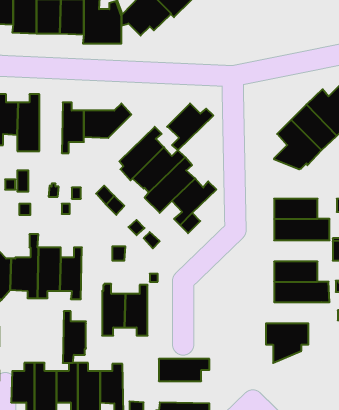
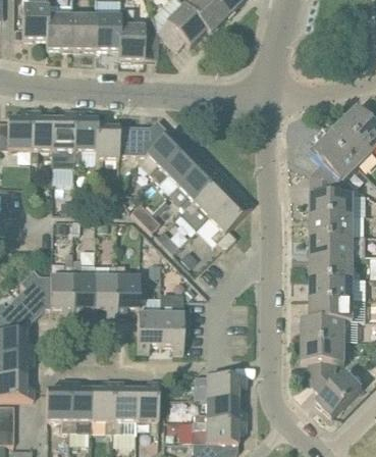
building: none -> [73,110,97,169]
building: [167,103,213,150] -> [143,131,190,177]
building: none -> [310,175,360,215]
building: none -> [310,257,354,278]
building: none -> [302,319,358,341]
building: [63,311,86,363] -> [115,264,139,316]
building: none -> [309,368,362,417]
building: none -> [195,399,245,421]

